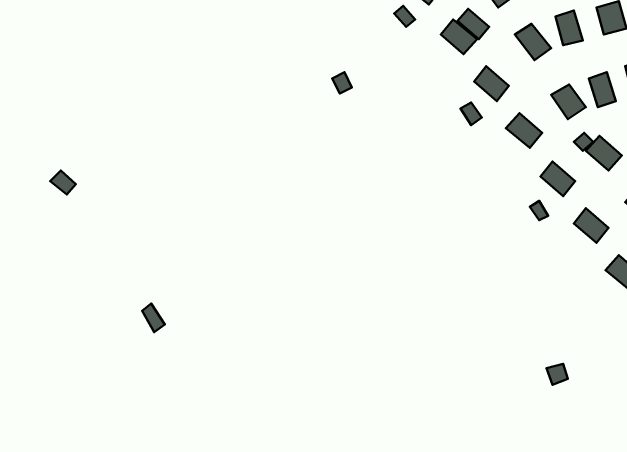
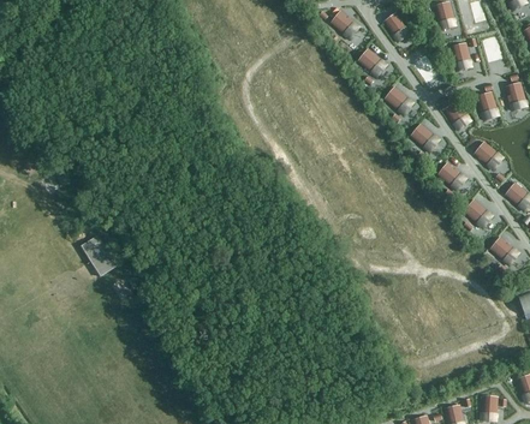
building: none -> [82,237,118,276]

